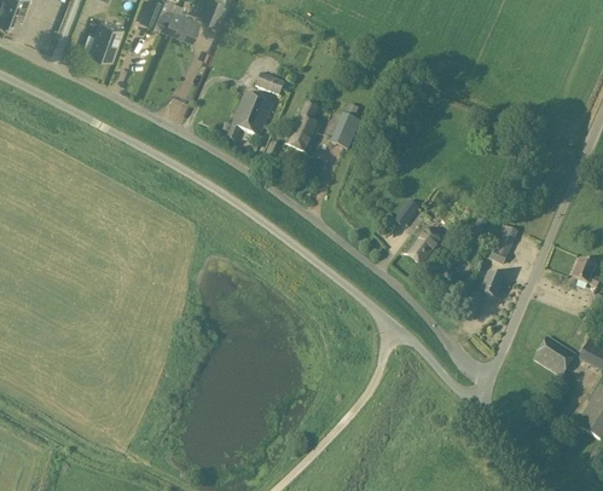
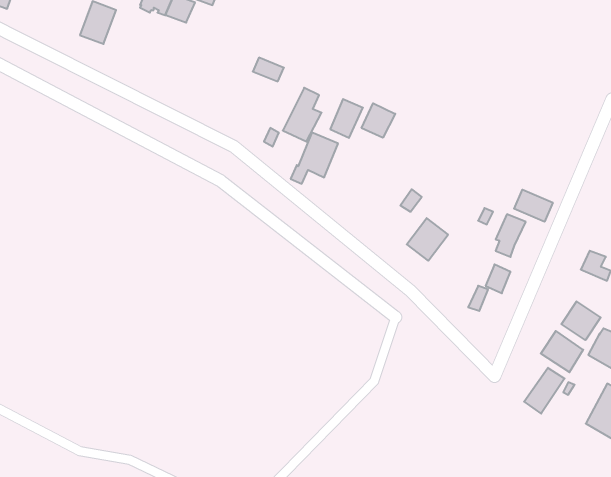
building: [225,92,271,141] -> [291,132,338,184]
building: none -> [362,103,395,138]
building: none -> [514,190,553,222]
building: none -> [561,301,601,340]
building: none -> [524,368,565,414]

